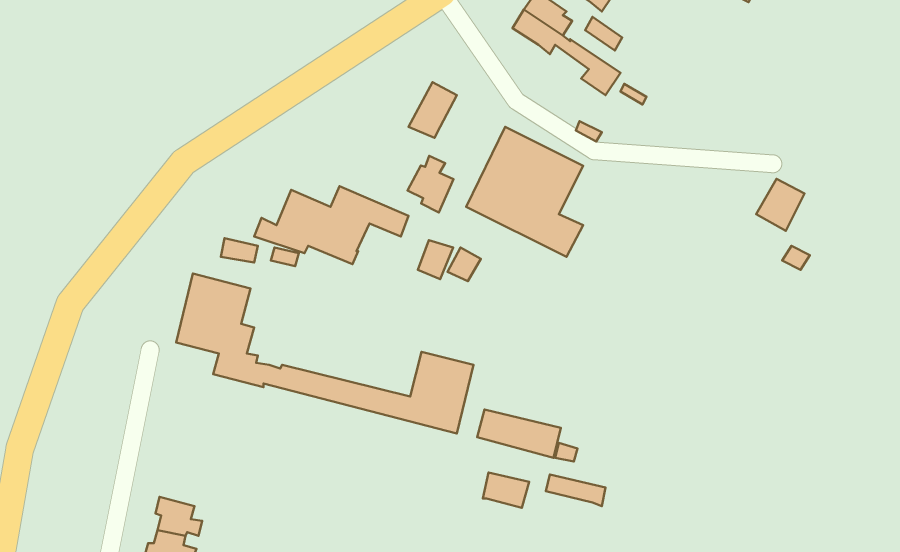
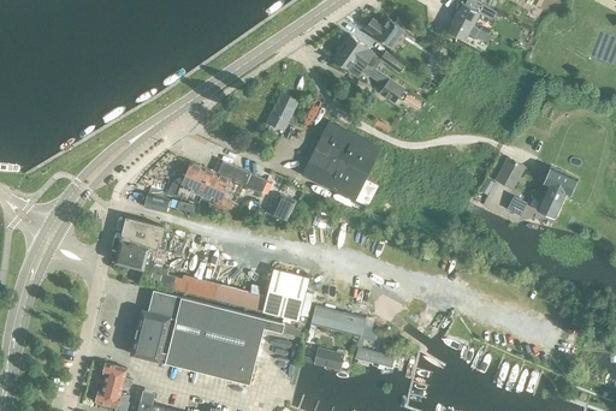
building: [407,156,454,212] -> none
building: none -> [538,168,579,221]
building: none -> [131,290,302,383]

